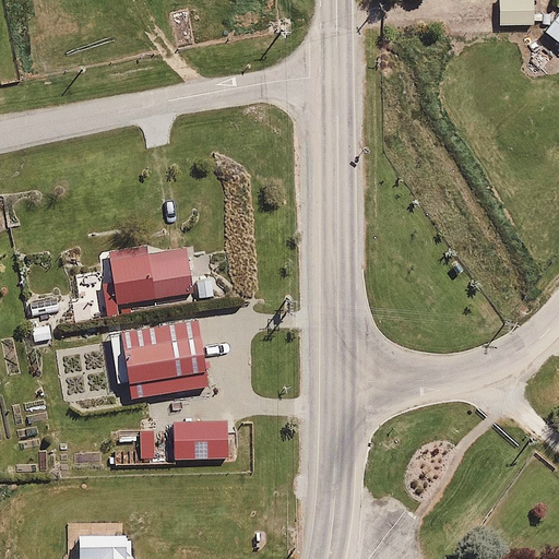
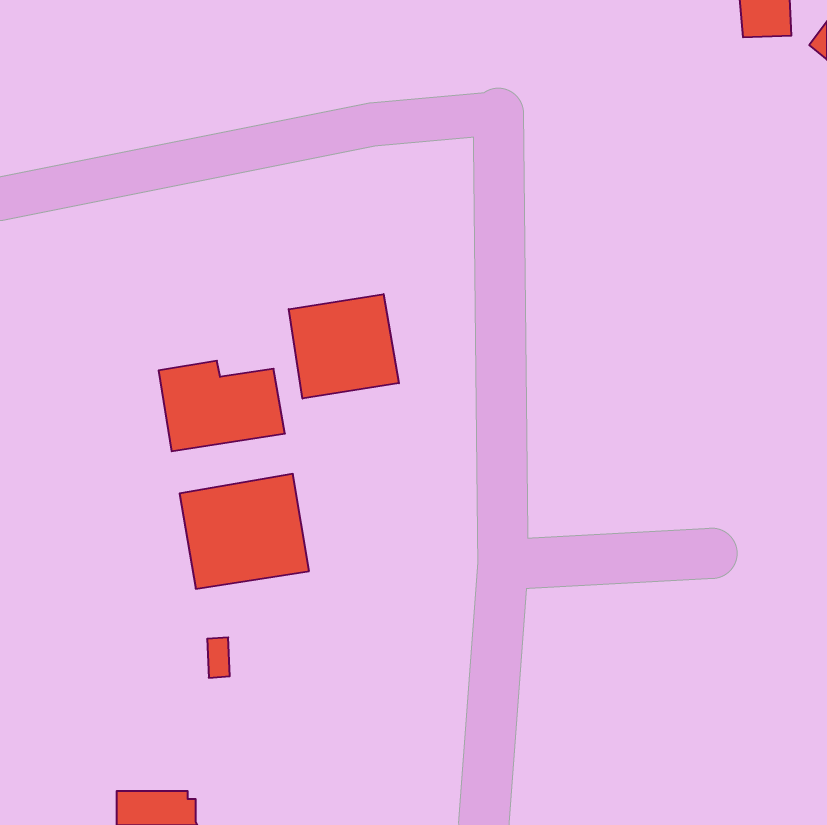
building: none -> [289,294,399,399]
building: [175,420,228,460] -> none

